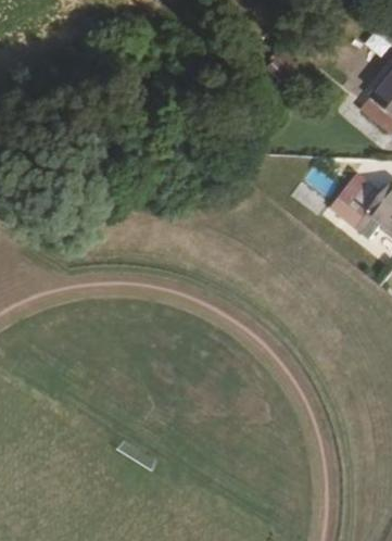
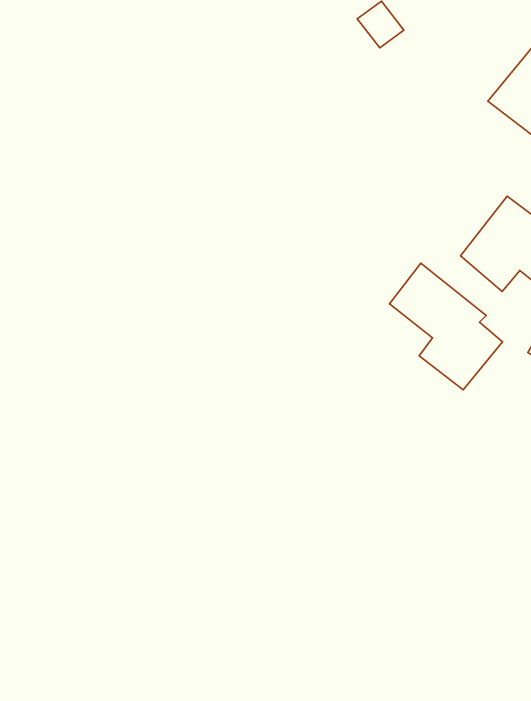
building: none -> [390,263,503,390]

